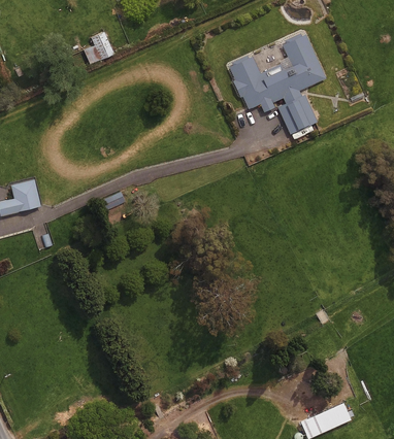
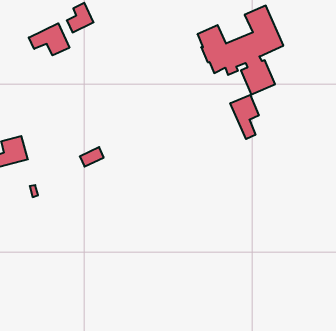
building: none -> [29,23,69,55]
building: none -> [230,95,259,139]

